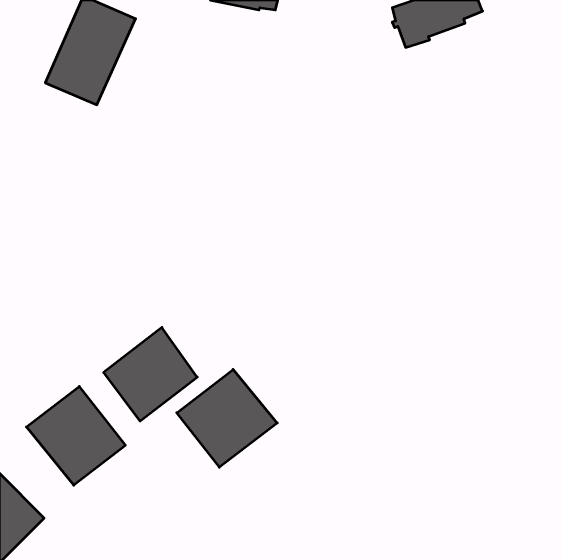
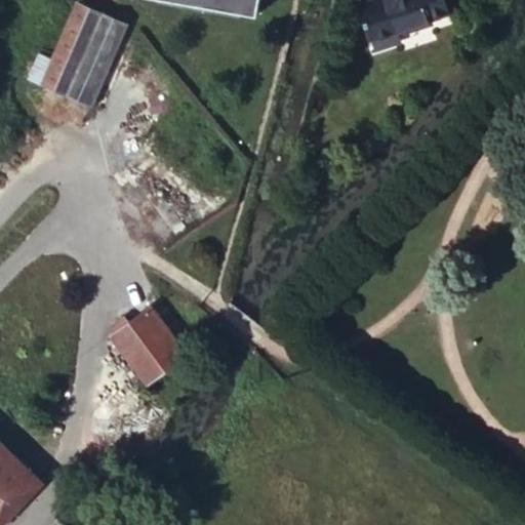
building: [177,369,277,467] -> none
building: [26,386,125,485] -> none

